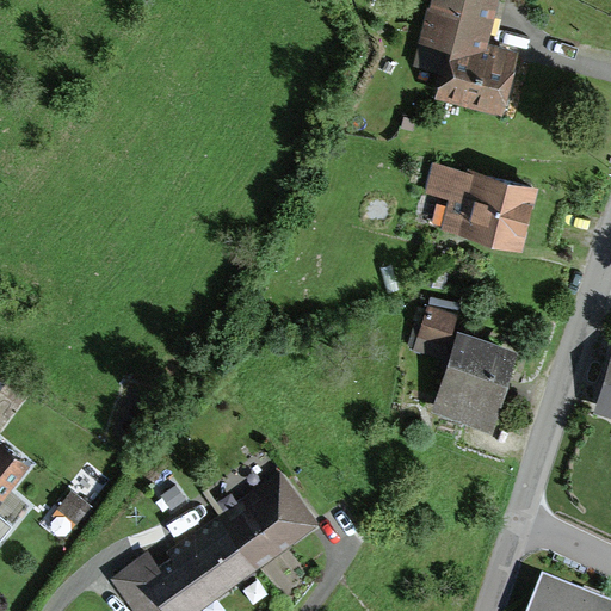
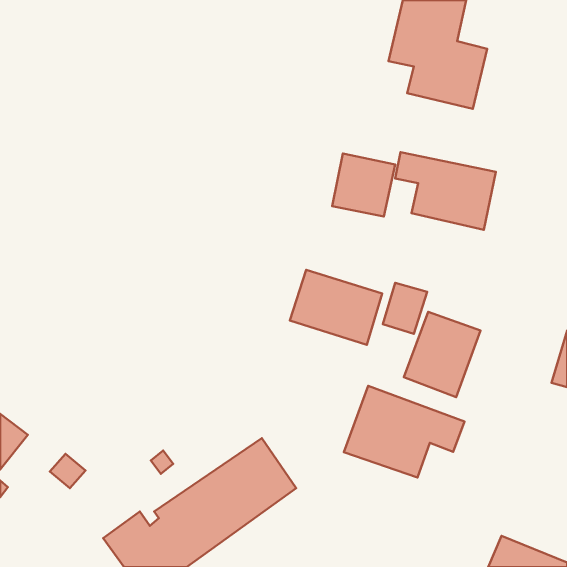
building: none -> [332,153,395,217]
building: none -> [290,270,382,345]
building: none -> [344,386,464,477]

